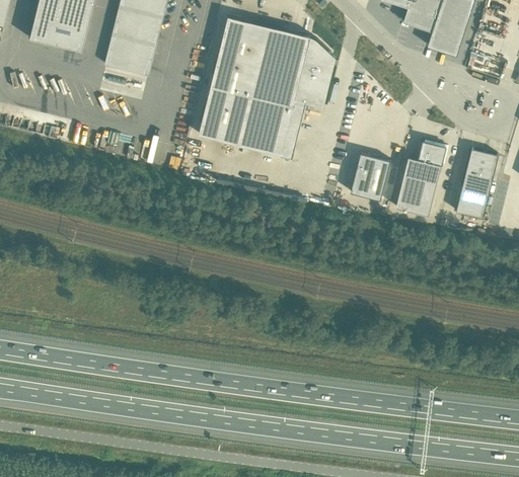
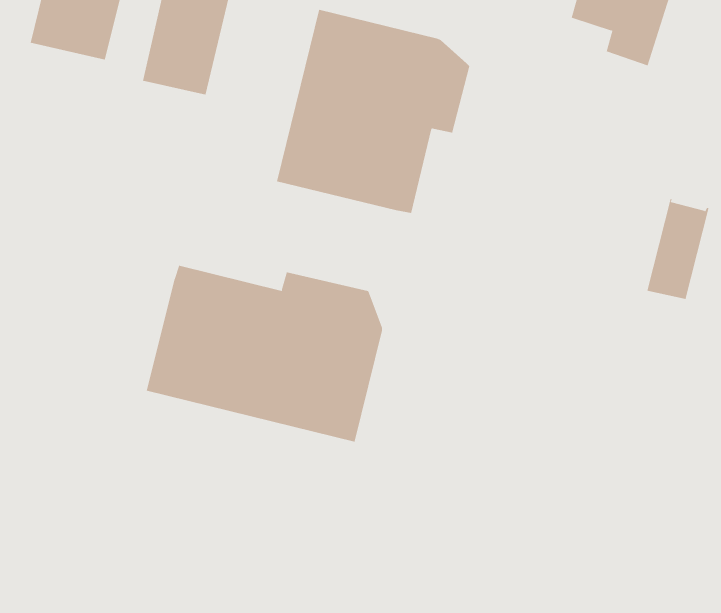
building: [395,140,446,214] -> none
building: [350,154,390,201] -> none
building: none -> [146,265,383,442]

